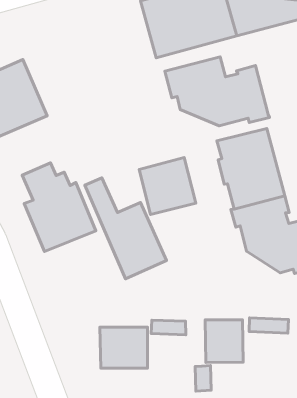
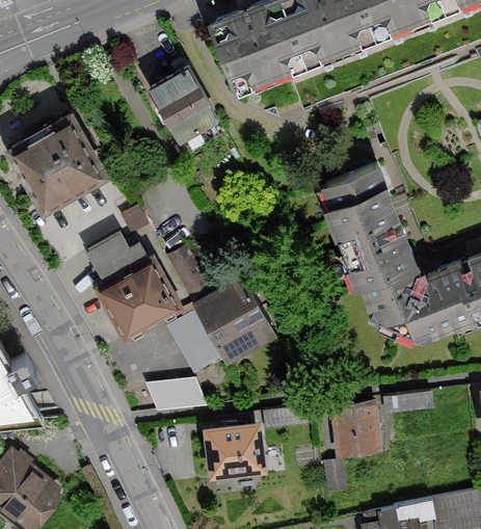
building: none -> [149,68,217,142]
building: [165,57,270,126] -> none
building: [139,158,196,214] -> none
building: none -> [169,310,219,371]
building: none -> [142,379,204,408]

